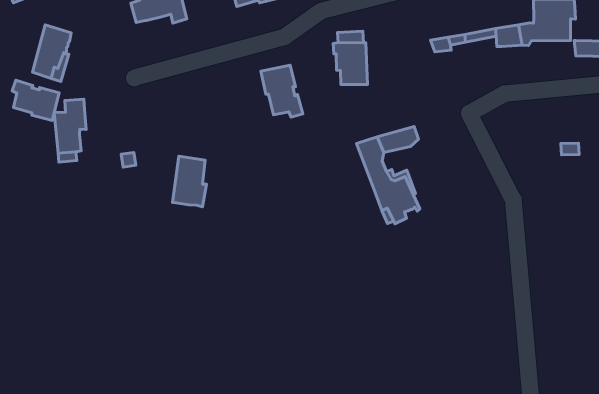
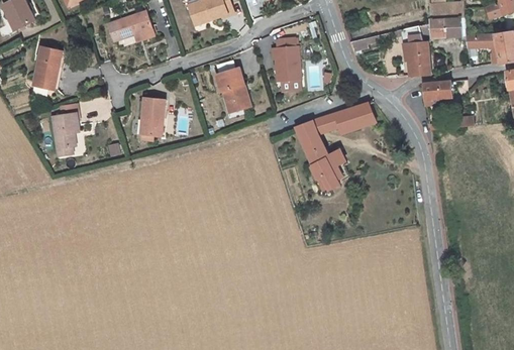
building: none -> [404,41,430,75]
building: [12,80,59,120] -> none
building: none -> [423,82,451,105]
building: none -> [338,103,376,134]
building: [173,156,206,207] -> [140,98,167,137]

